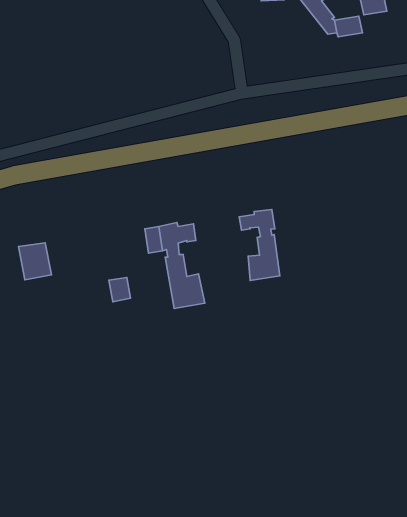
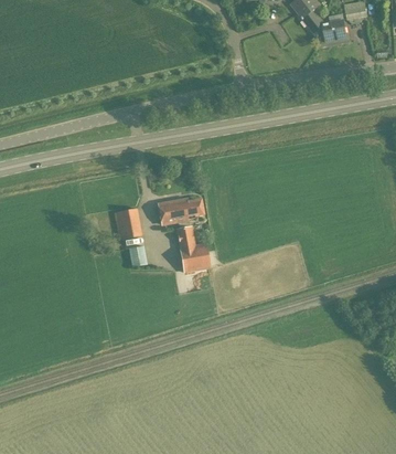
building: [239,209,280,280] -> none
building: [18,243,52,280] -> [114,208,142,240]

